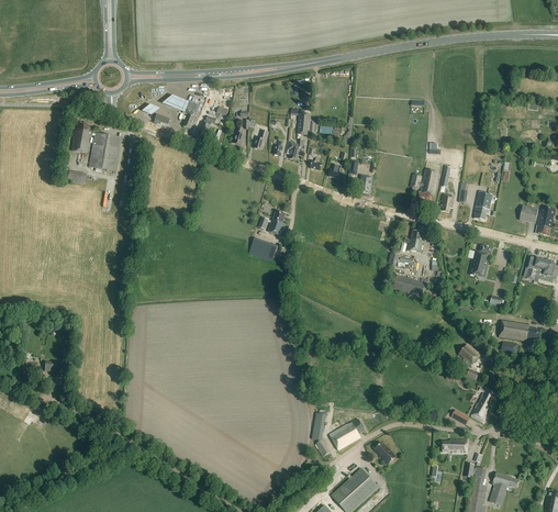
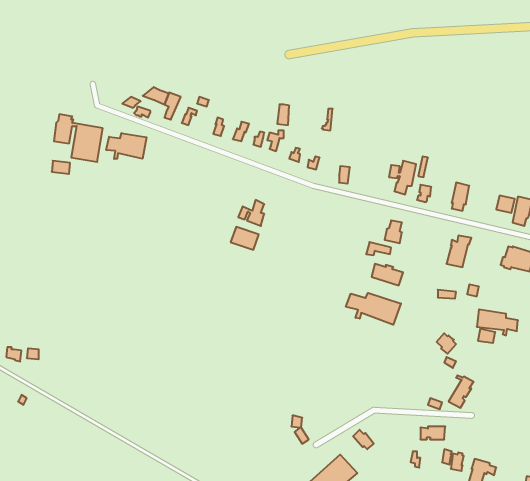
building: none -> [106,133,147,159]
building: none -> [346,293,401,325]
building: [330,419,365,449] -> none

